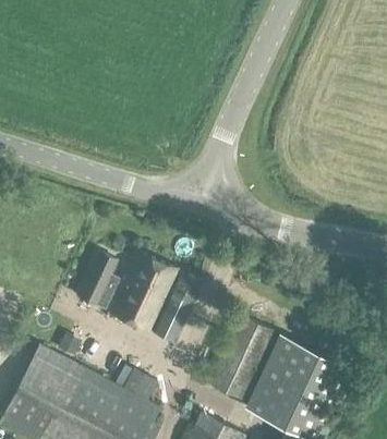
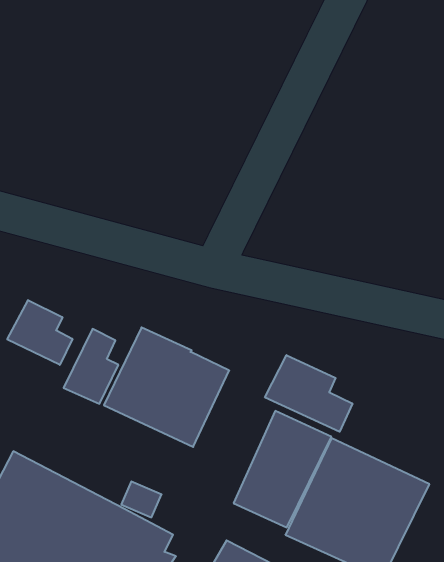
building: none -> [7,300,72,365]
building: none -> [265,355,352,432]

